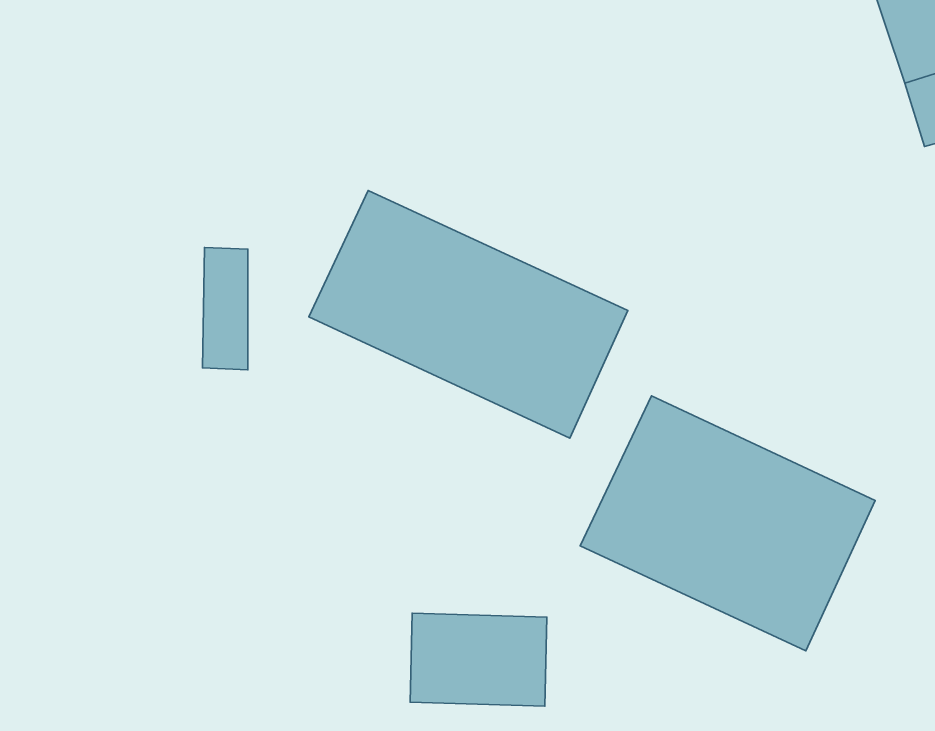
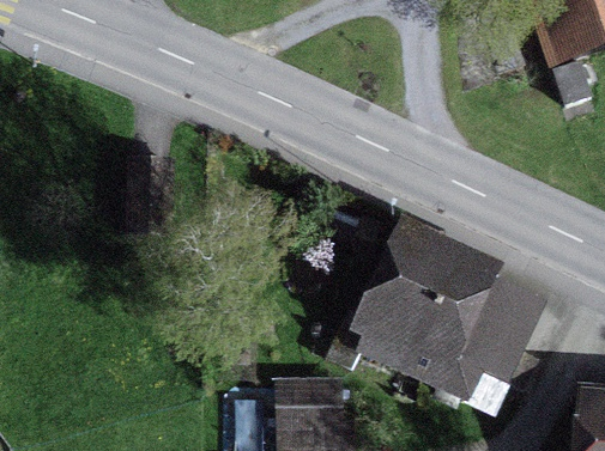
building: [309,191,628,438] -> none

